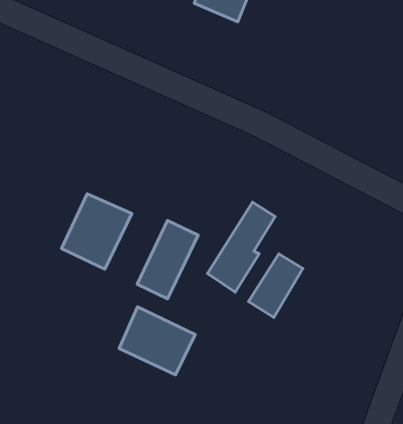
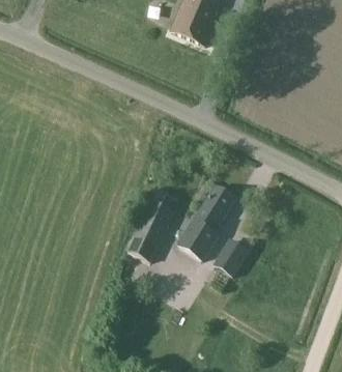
building: [61,194,132,269] -> none
building: [119,307,195,375] -> none

